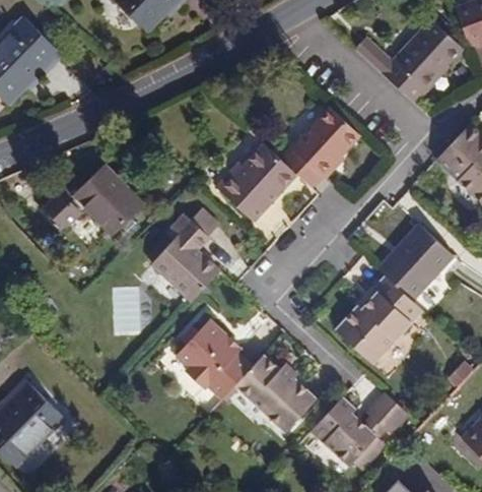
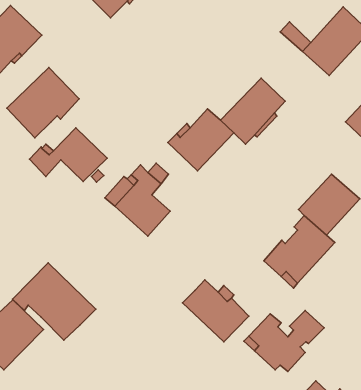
building: none -> [7,67,79,138]
building: [176,319,251,399] -> none
building: none -> [12,263,96,340]

